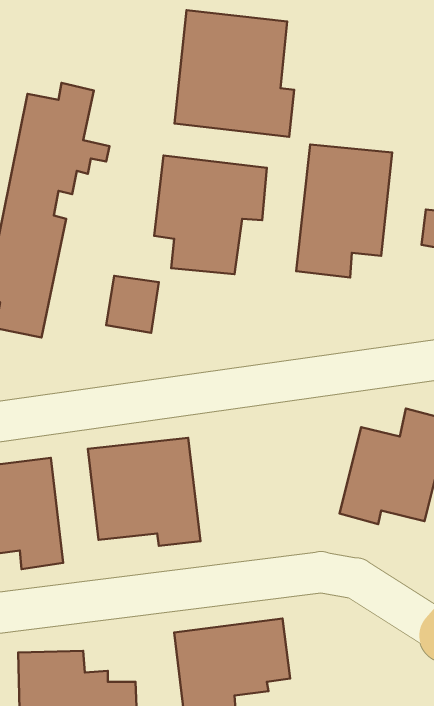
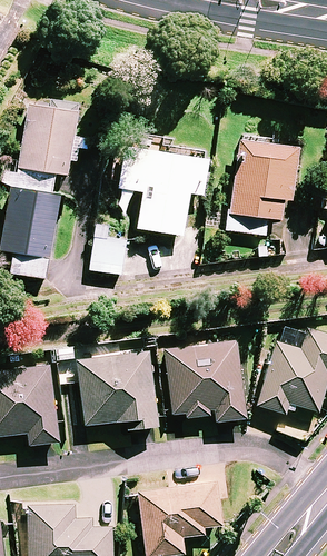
building: [175,10,294,137] -> none
building: none -> [165,342,245,421]

